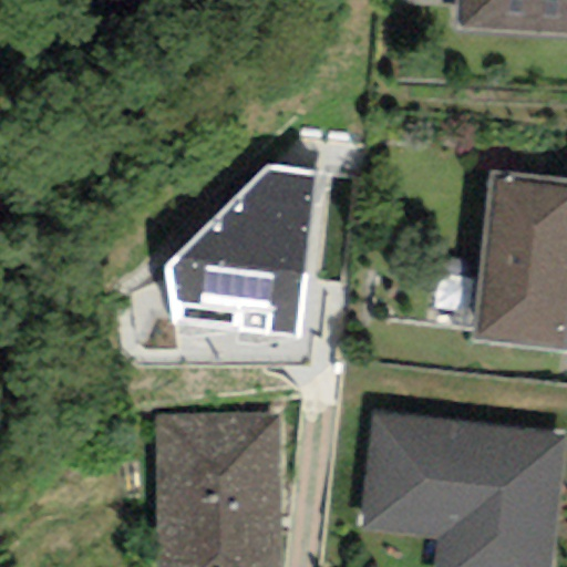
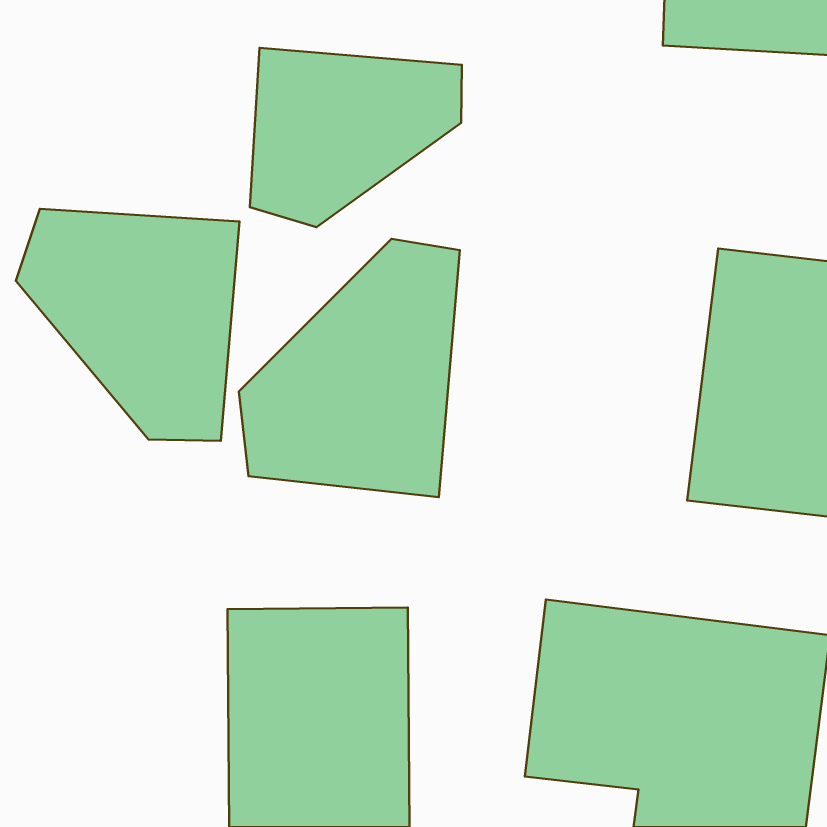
building: none -> [250,48,462,227]
building: none -> [16,209,240,441]

